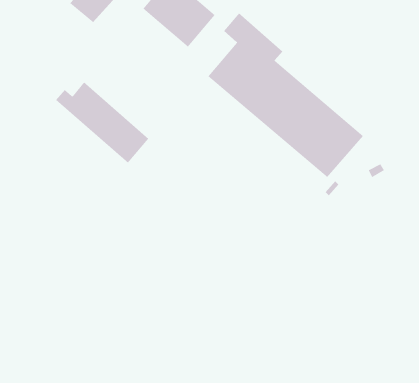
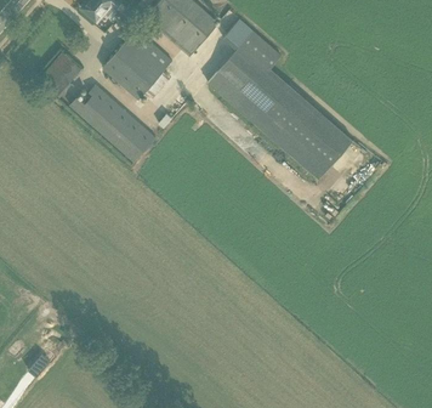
building: none -> [103,29,172,96]
building: none -> [38,52,80,96]

